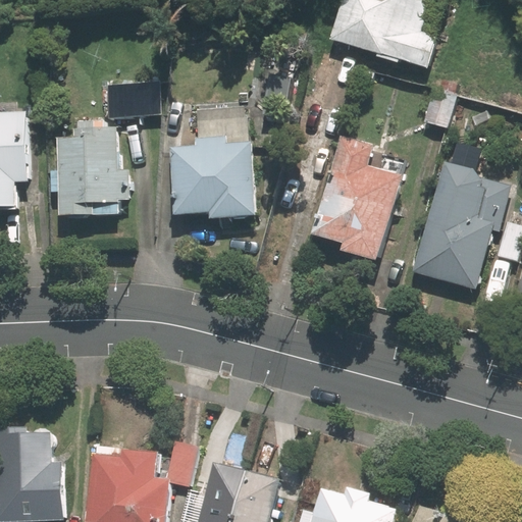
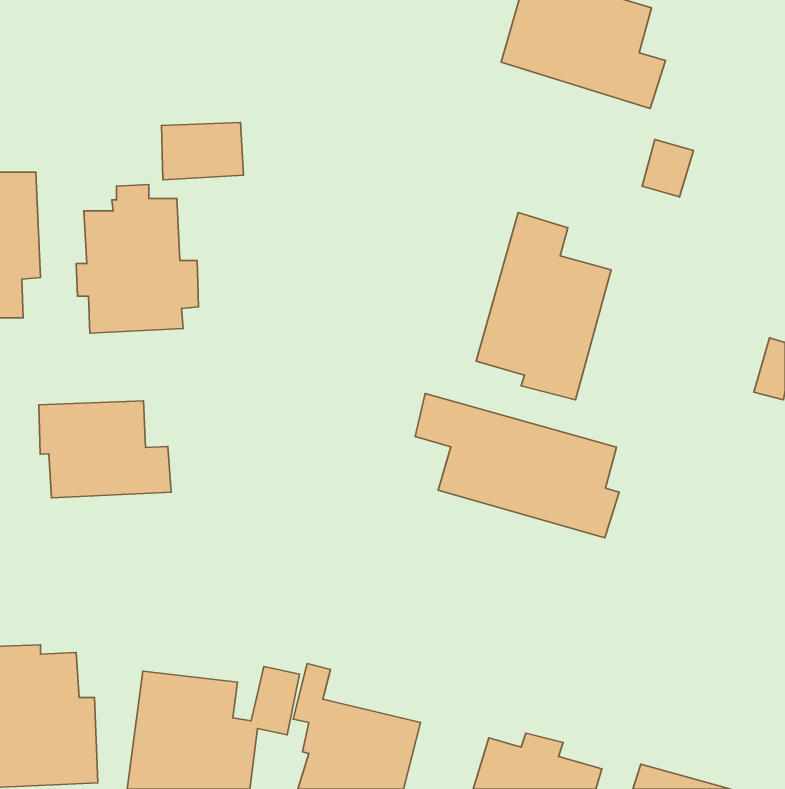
building: [170,107,257,221] -> none
building: [413,164,511,292] -> none
building: none -> [415,393,619,538]
building: none -> [39,401,171,498]

